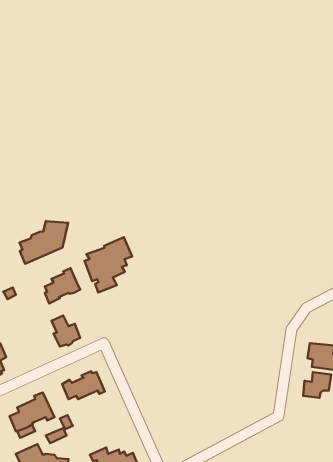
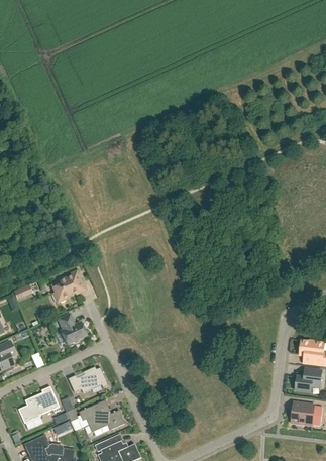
building: [20,221,68,264] -> none
building: [85,237,132,293] -> none
building: none -> [79,399,125,432]
building: none -> [290,401,314,425]

